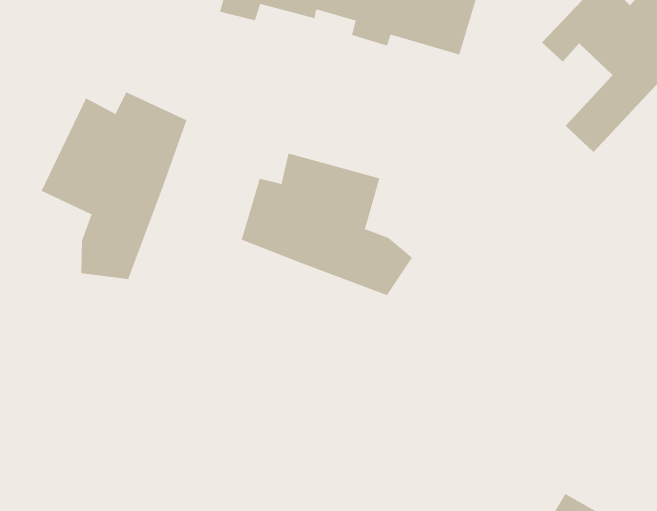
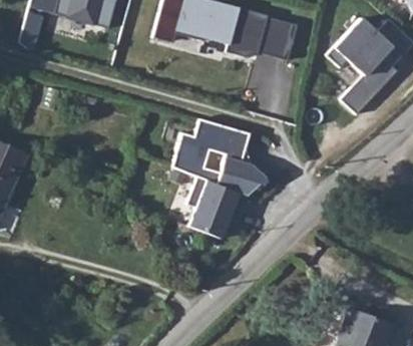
building: [41,91,187,280] -> none
building: none -> [188,177,247,239]

